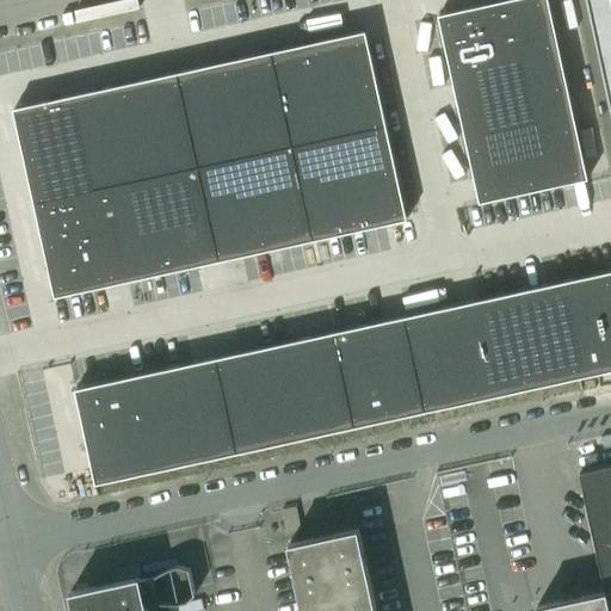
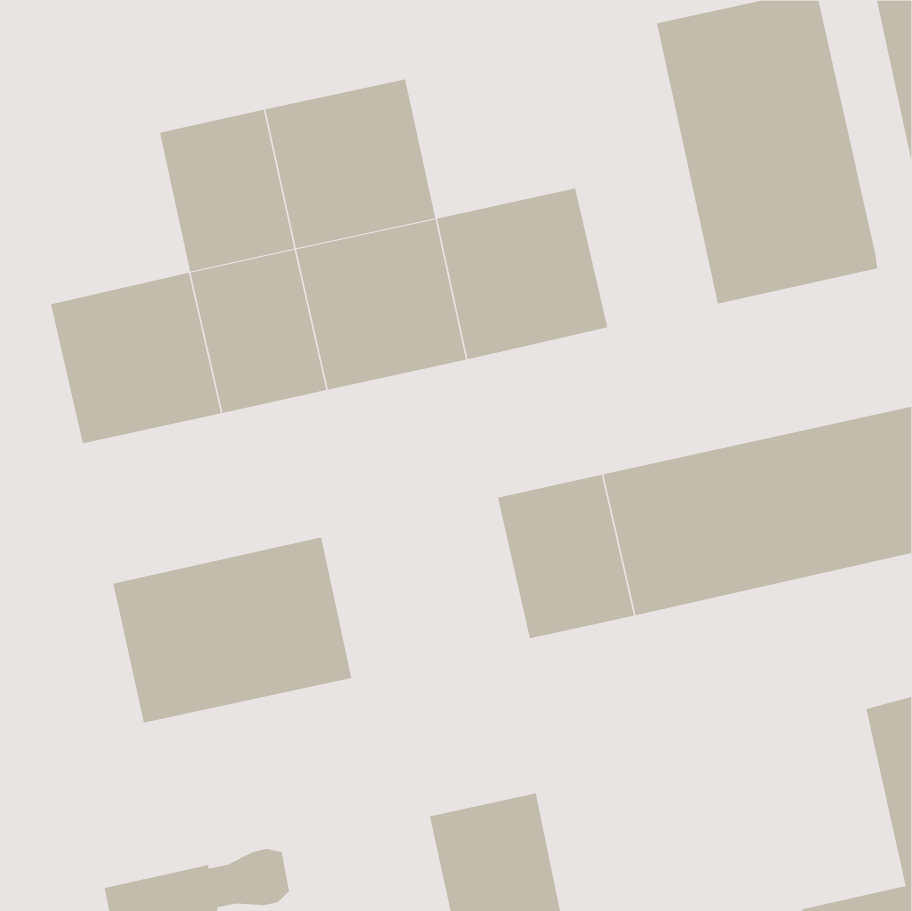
building: [271,35,384,148] -> none
building: [13,91,126,205] -> none
building: [215,334,353,455] -> none

